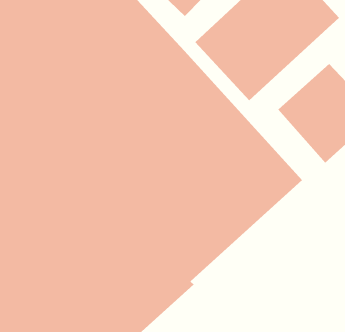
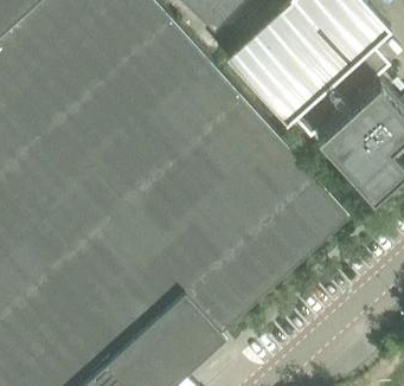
building: none -> [294,51,389,139]

